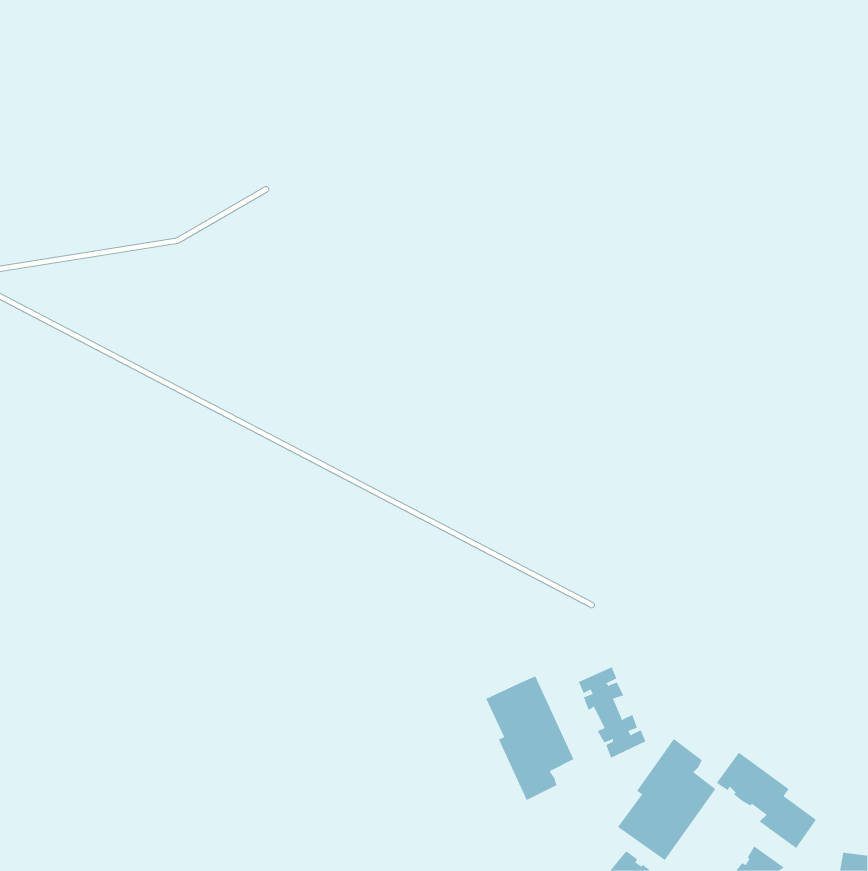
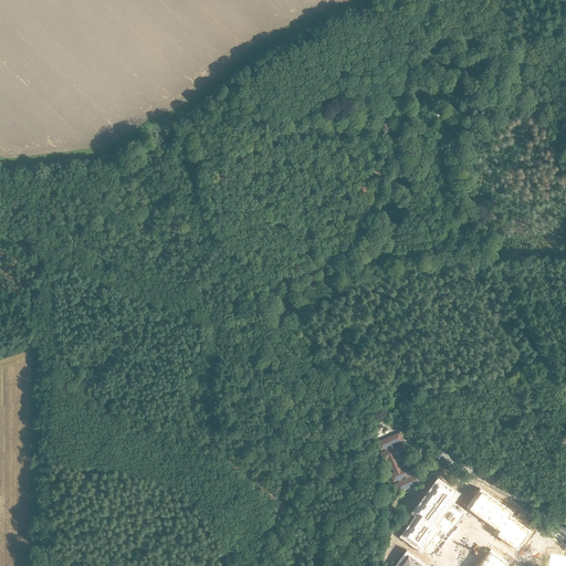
building: [485,676,574,801] -> none

